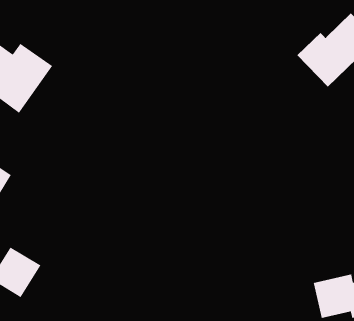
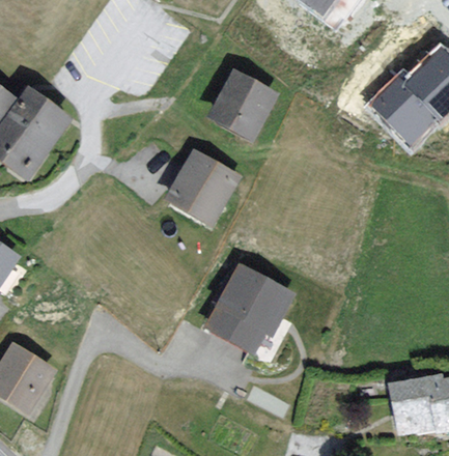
building: none -> [215,73,273,133]
building: none -> [171,152,237,220]
building: none -> [213,267,291,347]

